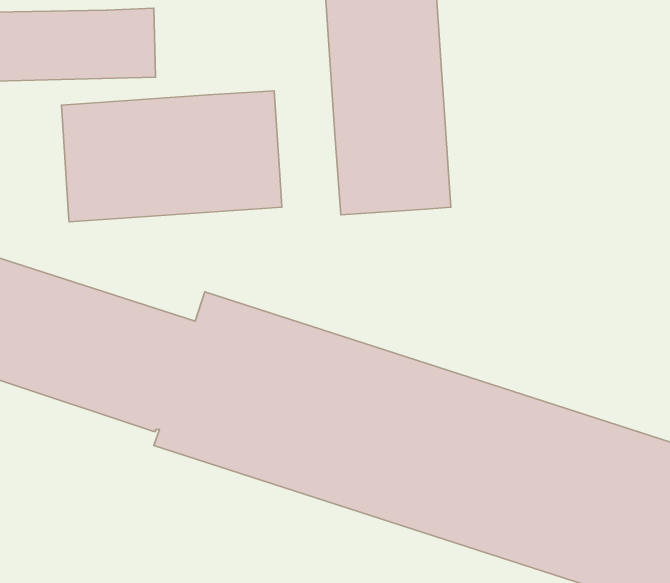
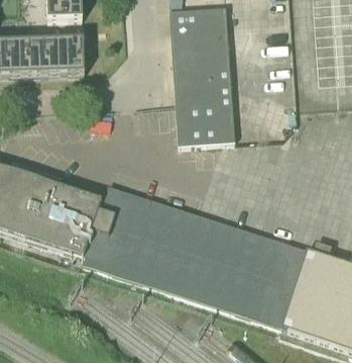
building: [61,91,282,222] -> none

